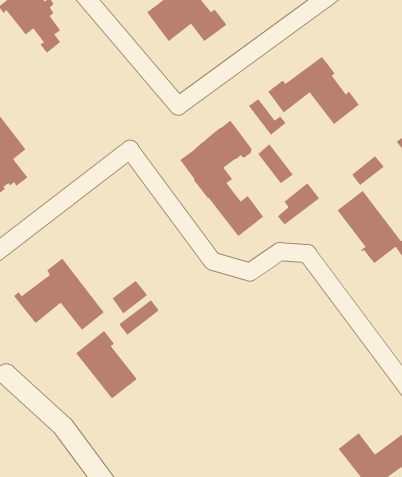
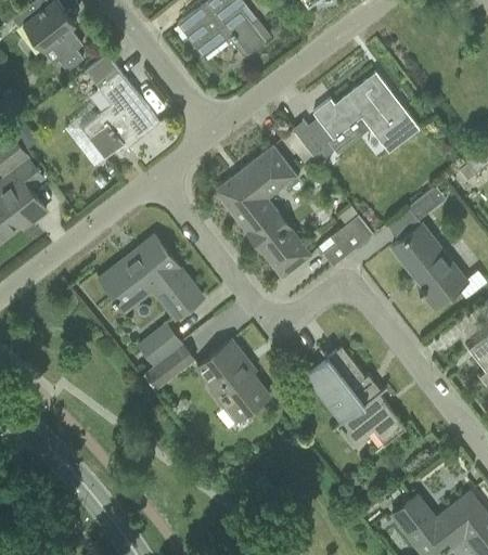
building: none -> [80,54,158,157]
building: [257,143,294,184] -> none
building: [13,258,105,331] -> [99,236,202,319]
building: none -> [305,348,406,446]
building: [75,330,138,399] -> [197,341,268,420]

